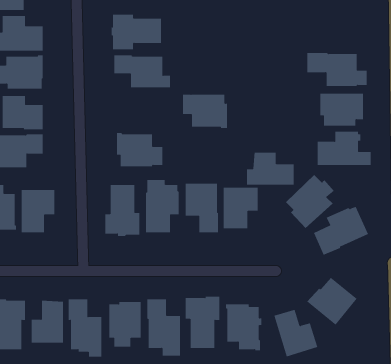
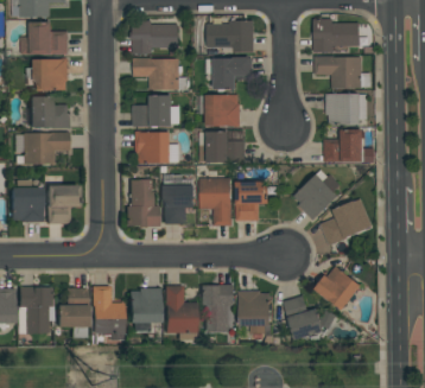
building: none -> [207,20,253,52]
building: none -> [312,20,359,52]
building: none -> [205,57,252,89]
building: none -> [132,95,179,127]
building: [246,152,294,185] -> [199,131,245,161]

